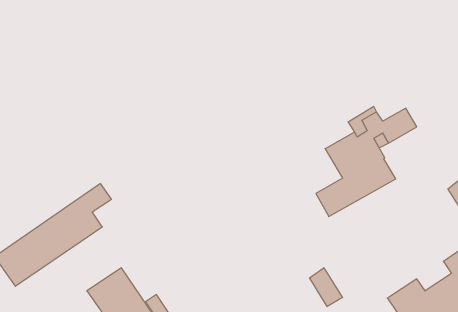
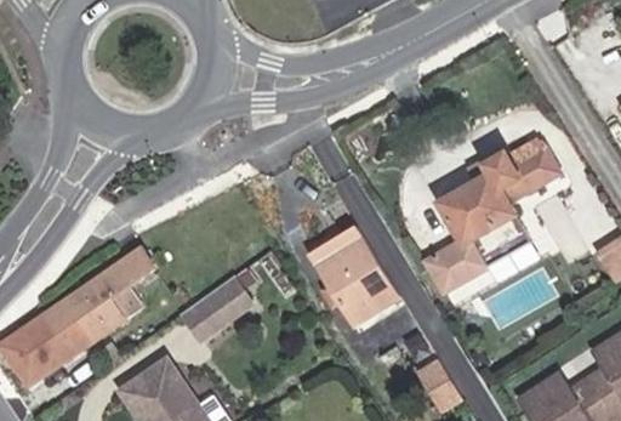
building: none -> [310,229,398,324]
building: none -> [181,277,250,338]

